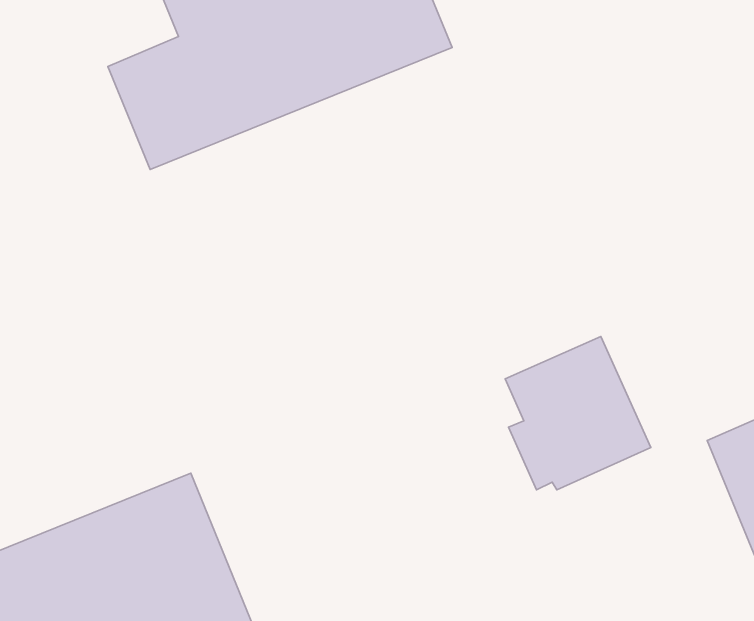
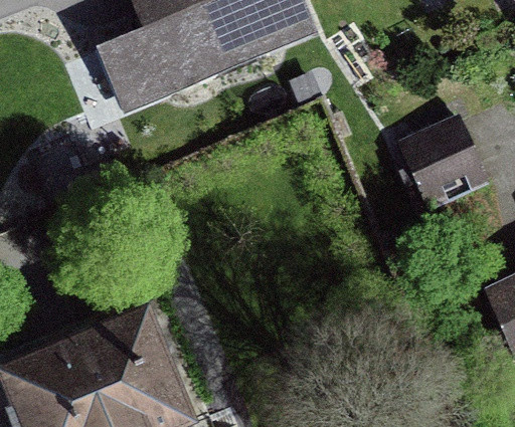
building: [505,336,651,490] -> [397,110,491,208]

